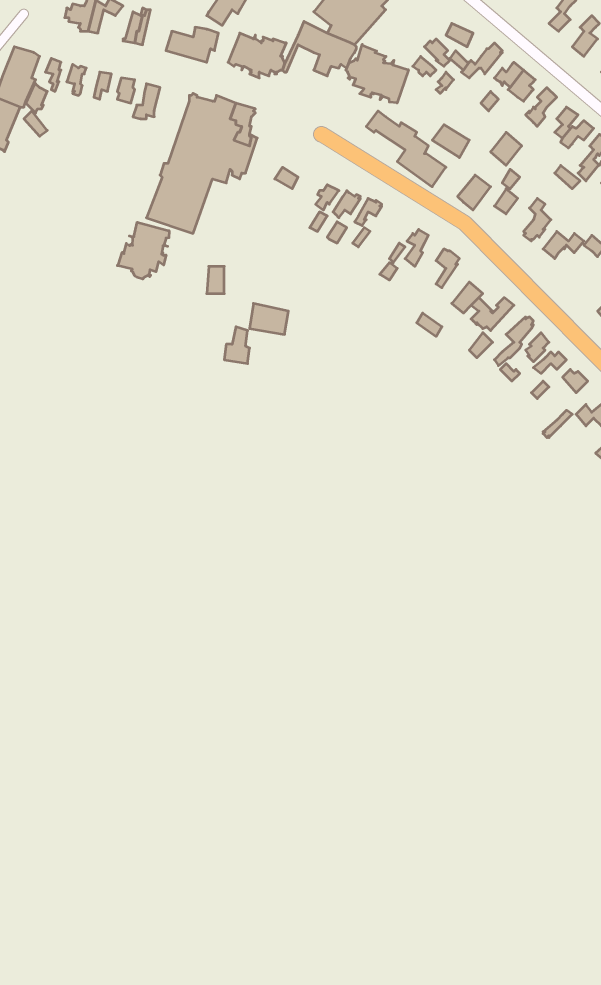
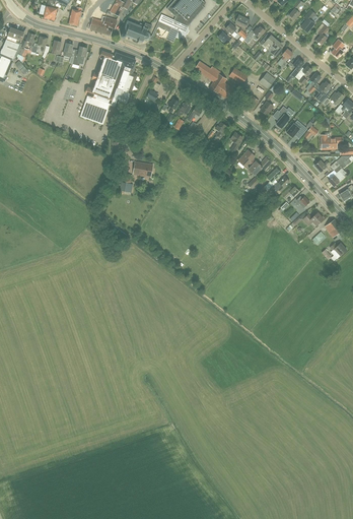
building: [346,44,408,103] -> none
building: [117,222,169,279] -> none

